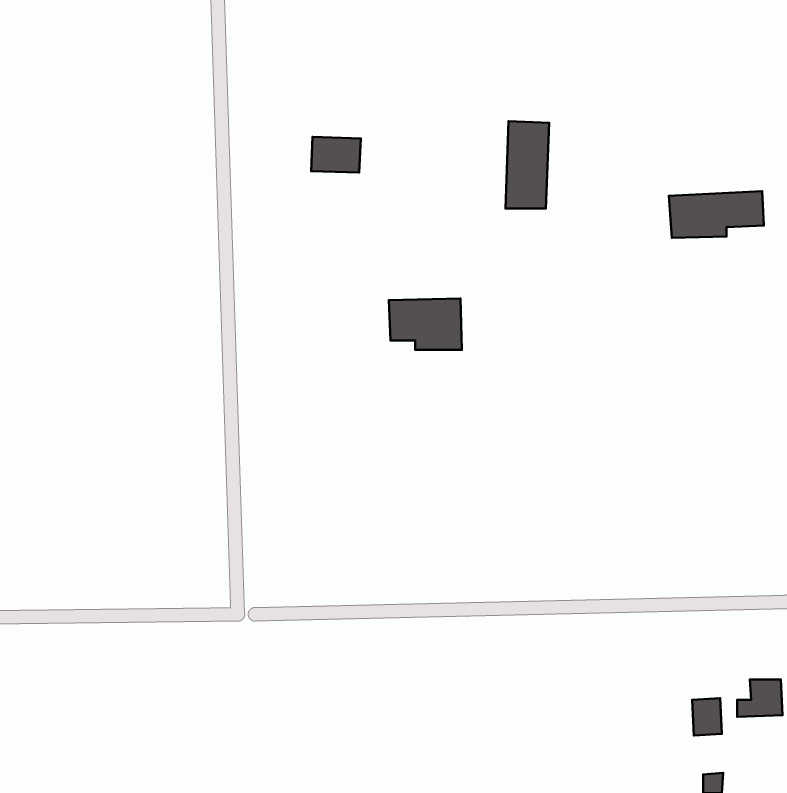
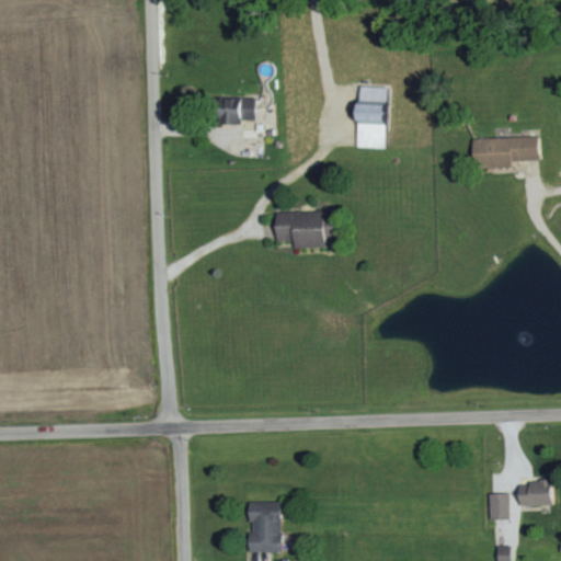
building: none -> [248,501,280,551]

